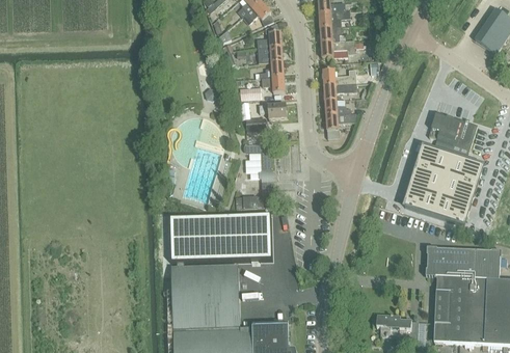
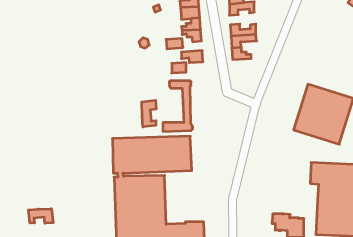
building: [325,111,356,136] -> none
building: [428,111,477,155] -> none
building: none -> [142,100,156,127]
building: none -> [28,209,53,223]

